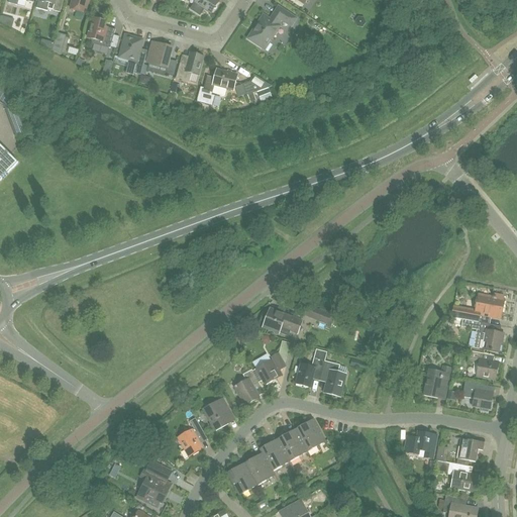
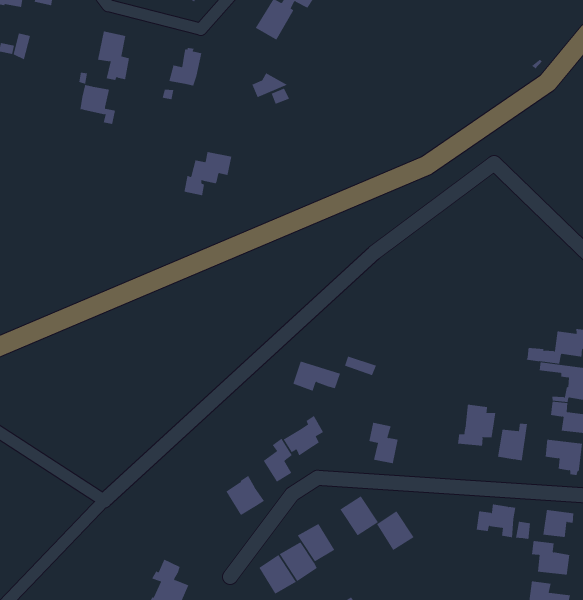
building: [87,17,114,46] -> none
building: [146,41,176,75] -> [80,84,116,124]
building: [196,69,236,104] -> [184,152,232,196]
building: [295,348,326,387] -> none
building: none -> [457,404,496,447]
building: [177,417,203,455] -> none
building: [277,428,307,460] -> [376,510,415,551]

